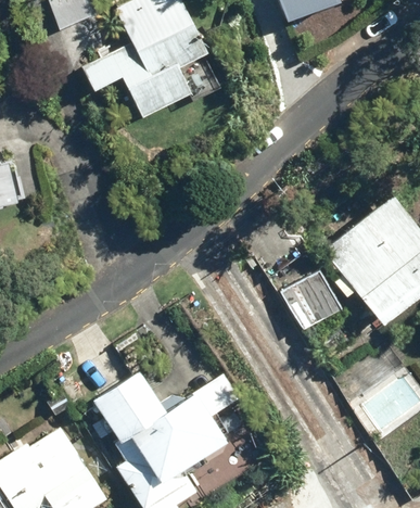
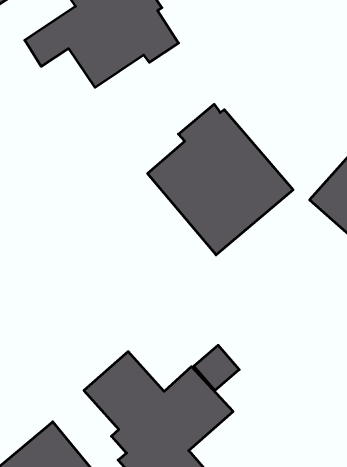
building: none -> [148,104,293,255]
building: [276,267,340,330] -> none

